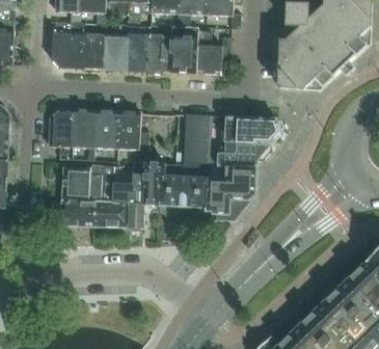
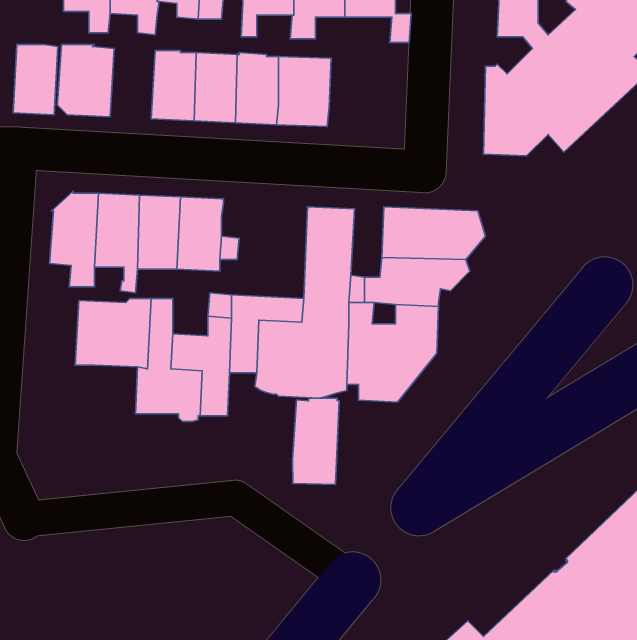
building: [195,27,229,74] -> none
building: [80,31,104,69] -> [13,44,58,115]
building: [45,198,94,225] -> none
building: none -> [292,398,339,484]

